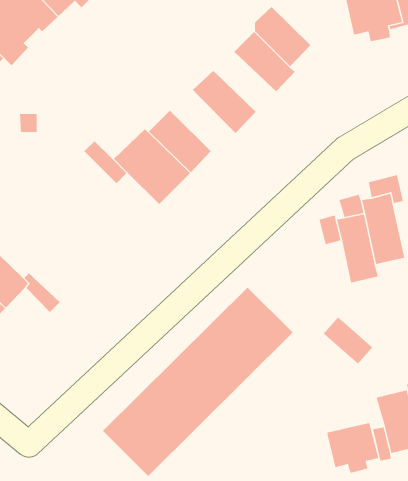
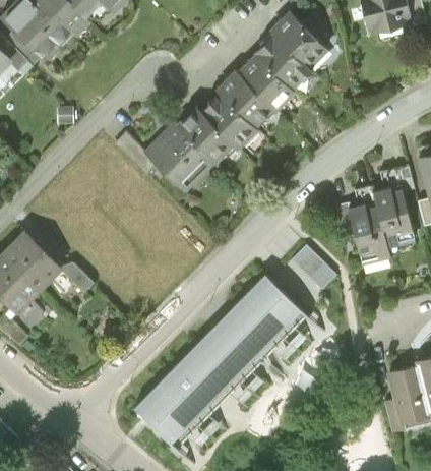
building: none -> [238,52,297,111]
building: none -> [199,90,259,150]
building: [323,316,373,365] -> [292,245,338,290]
building: [327,422,379,474] -> none

